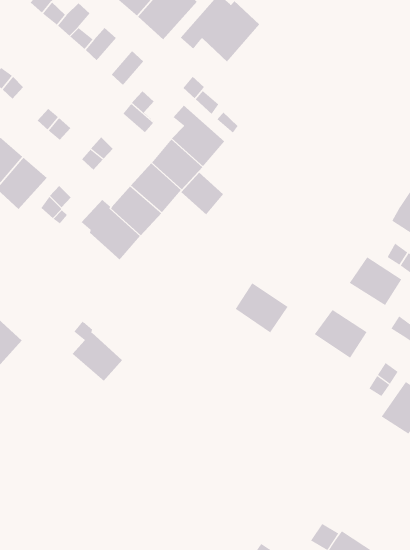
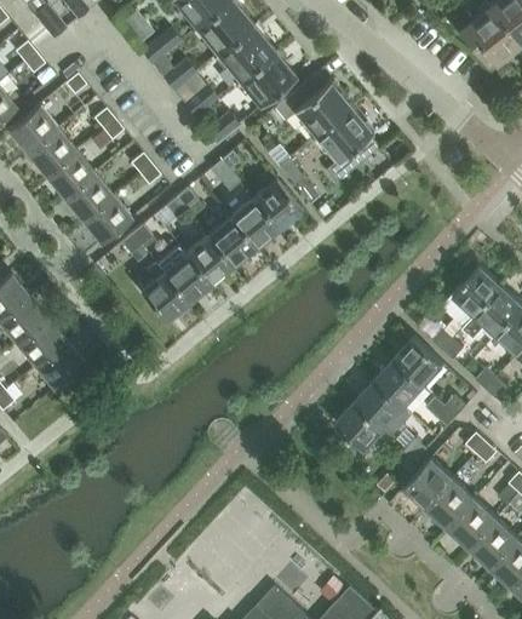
building: none -> [315,108,378,182]
building: [180,172,224,215] -> none
building: [235,283,288,333] -> [335,402,385,452]
building: none -> [375,360,425,408]
building: [72,321,123,382] -> [140,263,187,322]

